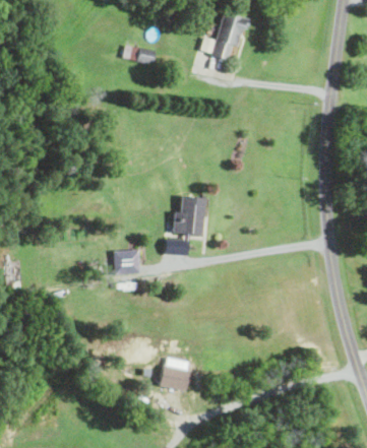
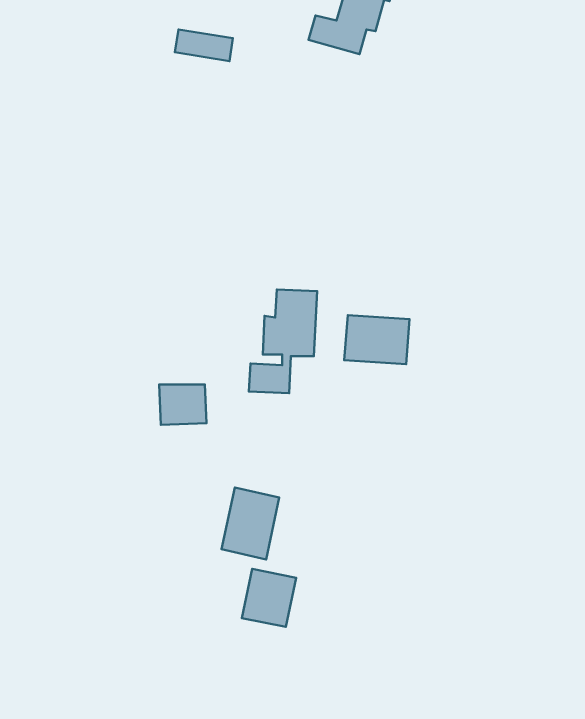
building: none -> [344,315,410,364]
building: none -> [222,487,279,559]

